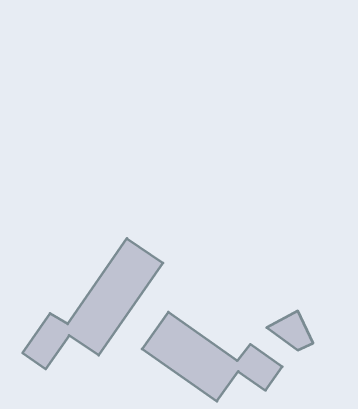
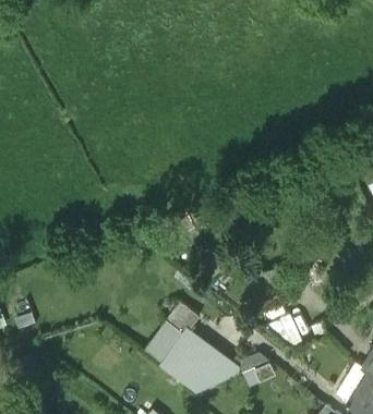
building: [23,238,163,369] -> none

